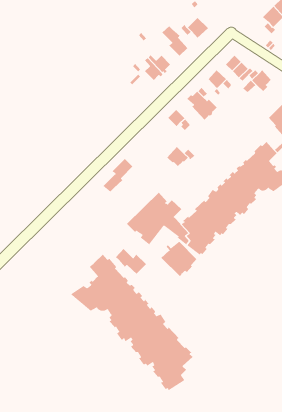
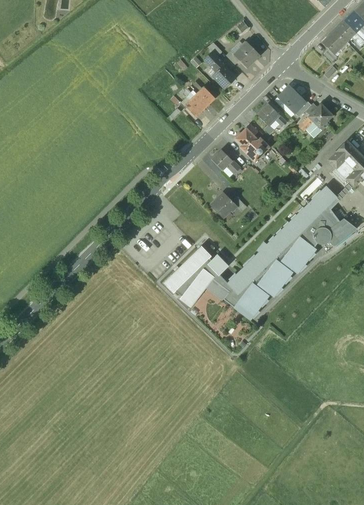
building: [103,158,133,193] -> none
building: [161,241,197,277] -> none
building: [115,248,147,274] -> none
building: [70,254,193,391] -> none

